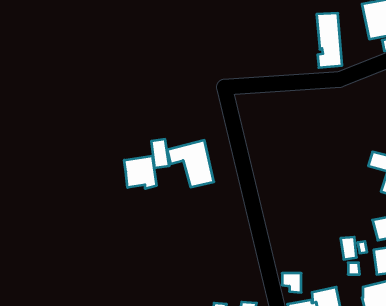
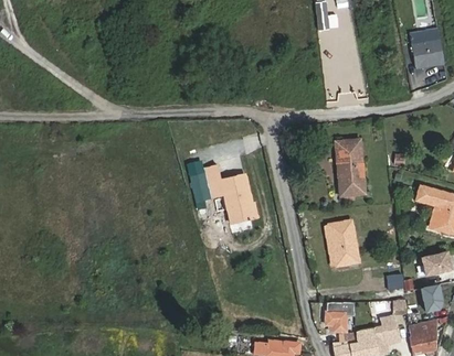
building: [317,13,342,68] -> [338,140,365,196]
building: [124,156,156,189] -> none
building: none -> [329,220,359,266]

